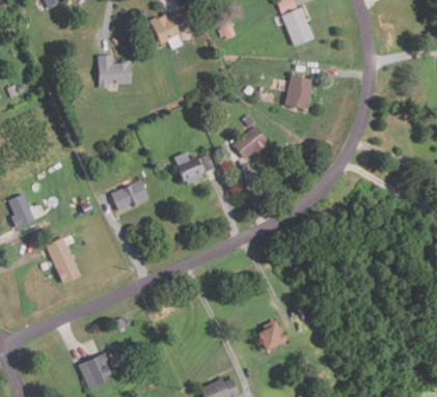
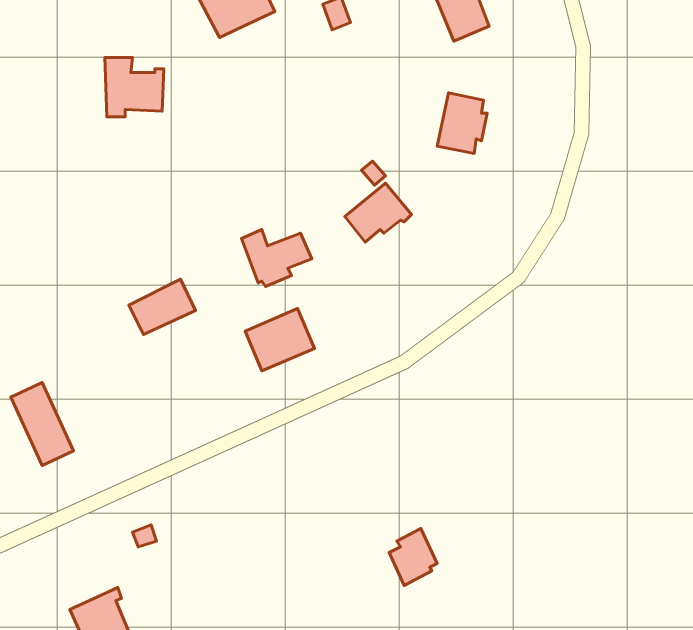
building: none -> [245,309,314,371]

